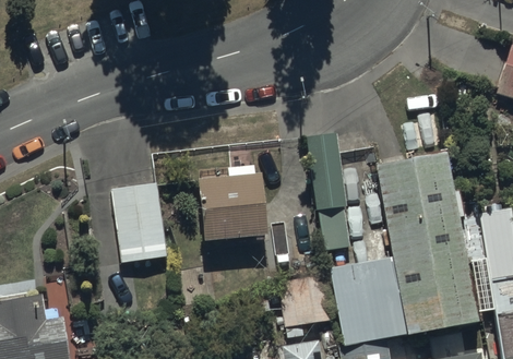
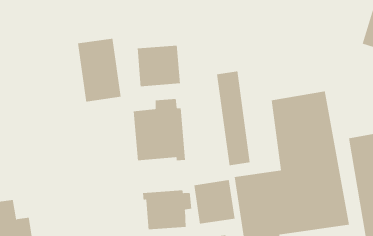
building: none -> [137,45,181,87]
building: [111,179,169,262] -> [77,38,122,102]
building: none -> [143,189,192,230]

